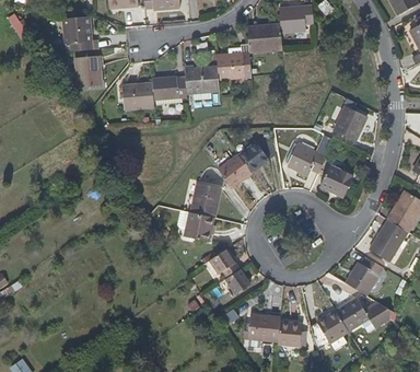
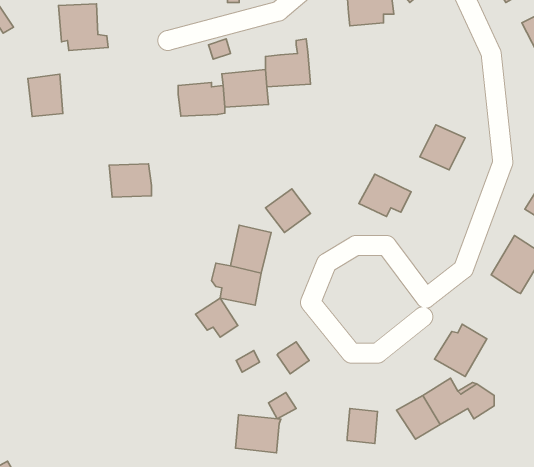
building: [246,22,281,51] -> none
building: [74,55,101,86] -> [28,74,63,116]
building: [121,83,153,108] -> [109,164,151,197]
building: [236,141,268,173] -> none
building: [319,163,353,197] -> none
building: [369,219,406,260] -> none
building: [208,248,240,278] -> [196,298,238,337]
building: [247,313,281,341] -> [236,415,281,453]

